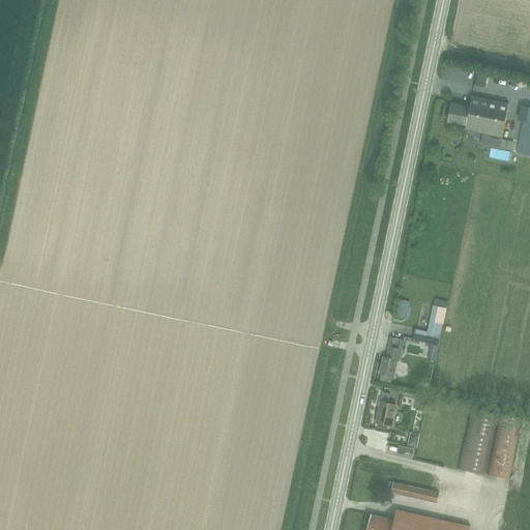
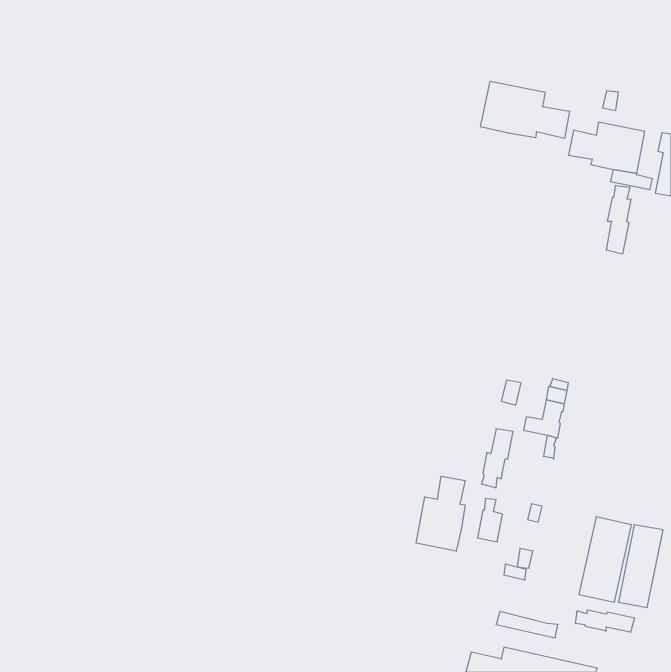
building: none -> [480,81,570,138]
building: none -> [606,186,631,254]
building: none -> [416,476,465,551]
building: none -> [576,610,634,632]

